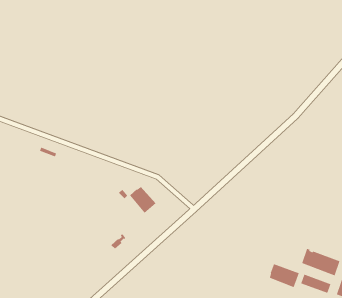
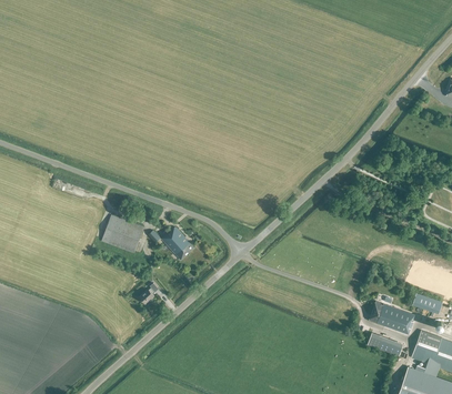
building: none -> [101,214,143,253]
building: [269,263,300,288] -> none

